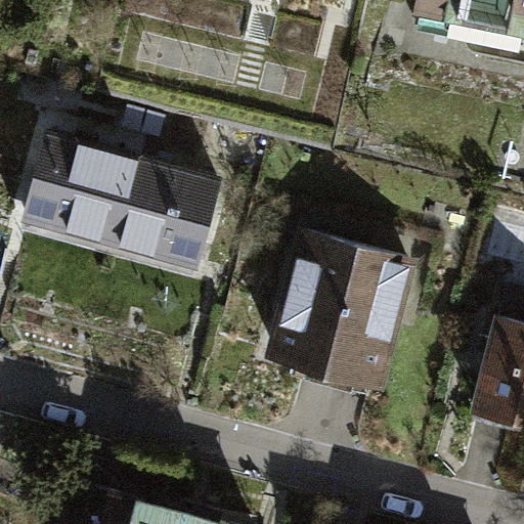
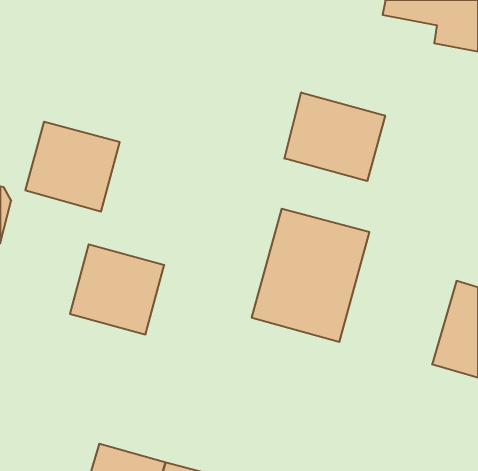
building: none -> [284,92,385,181]
building: [111,164,214,262] -> [70,244,164,334]

